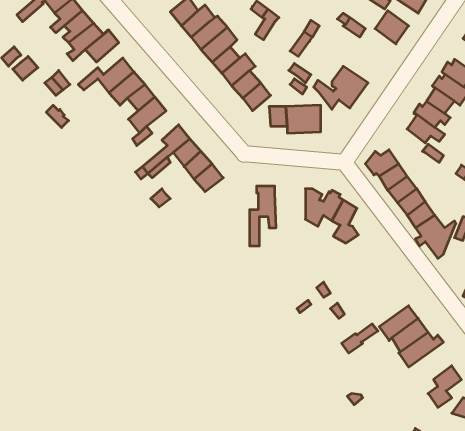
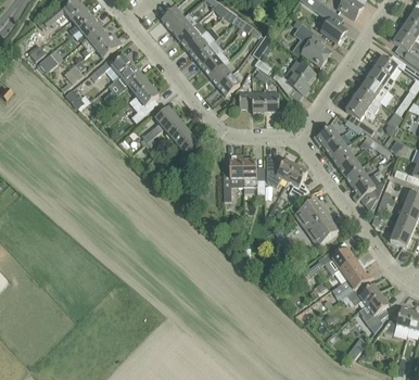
building: none -> [291,38,330,66]
building: none -> [242,157,264,193]
building: none -> [293,198,338,244]
building: none -> [341,283,380,306]

